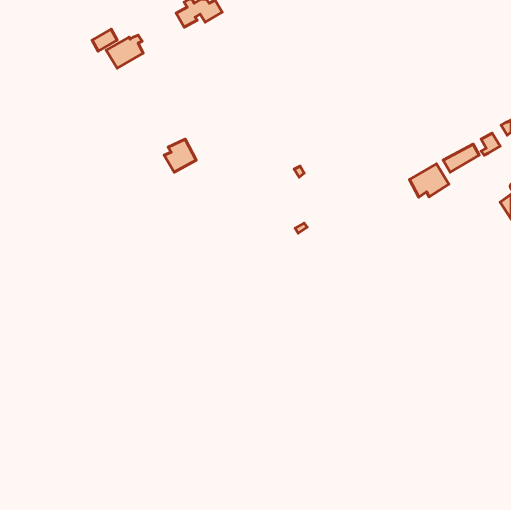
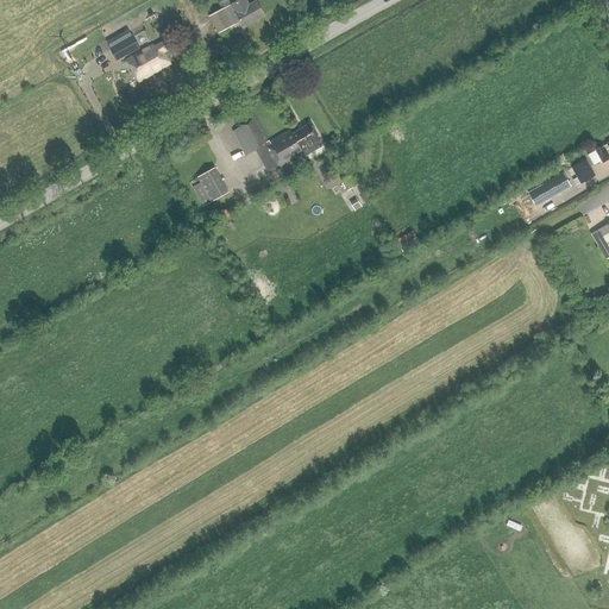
building: none -> [232,115,321,168]
building: [409,164,449,197] -> none

